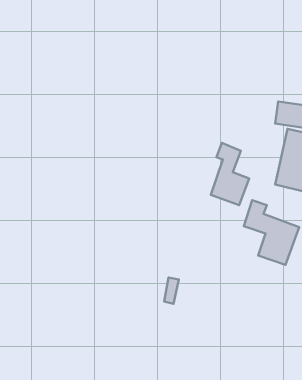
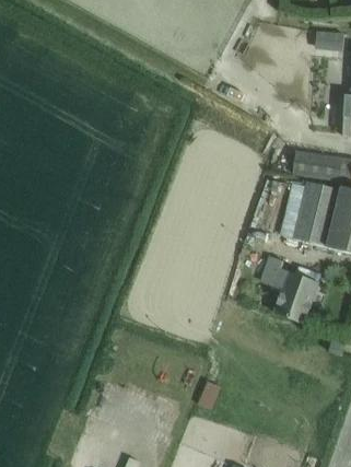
building: [211,143,249,205] -> none

